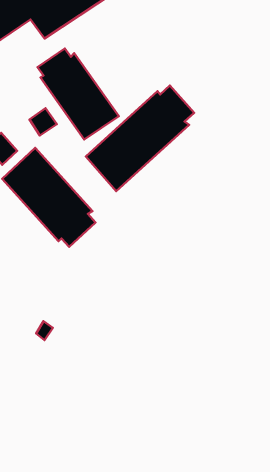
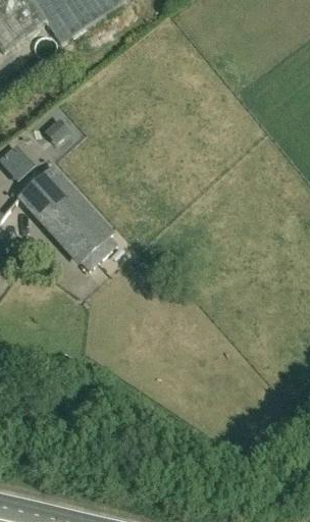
building: [38,48,119,140] -> none
building: [86,85,194,191] -> none

